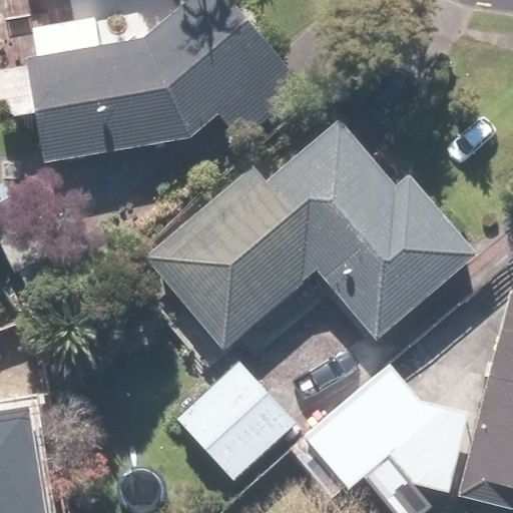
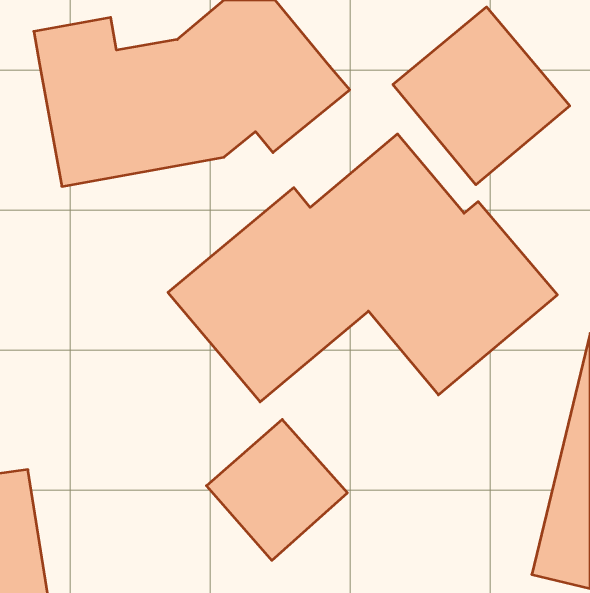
building: none -> [393,7,570,185]
building: [301,361,470,493] -> none

